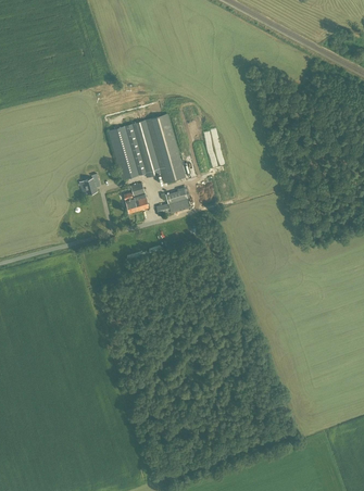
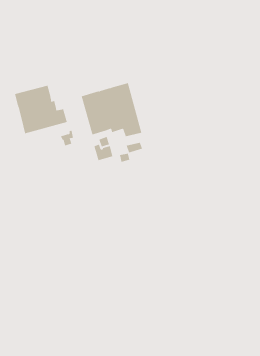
building: none -> [15,85,68,134]

